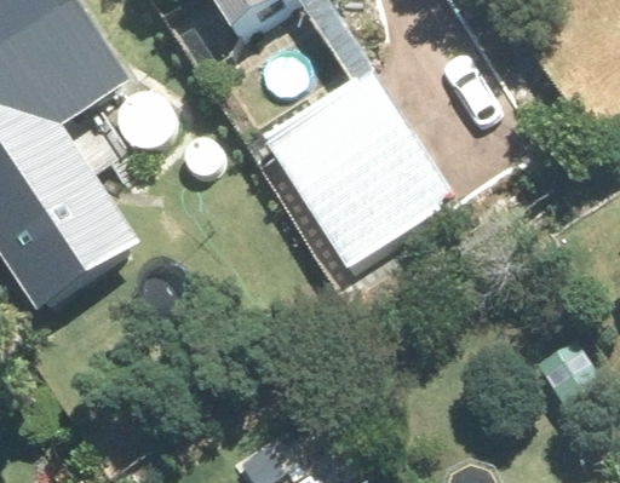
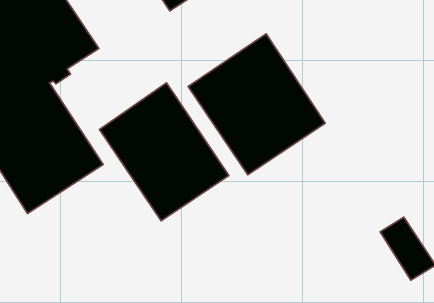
building: none -> [99,83,229,221]

